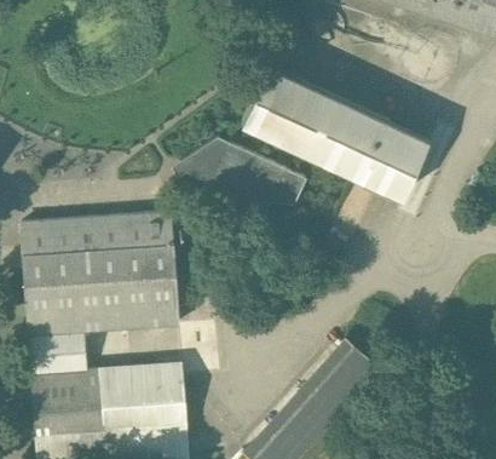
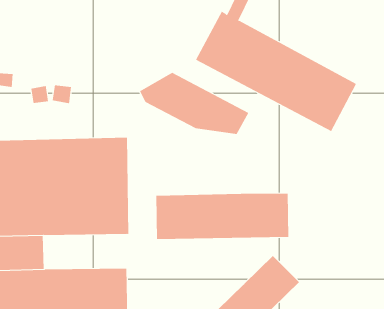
building: none -> [156,193,289,240]

